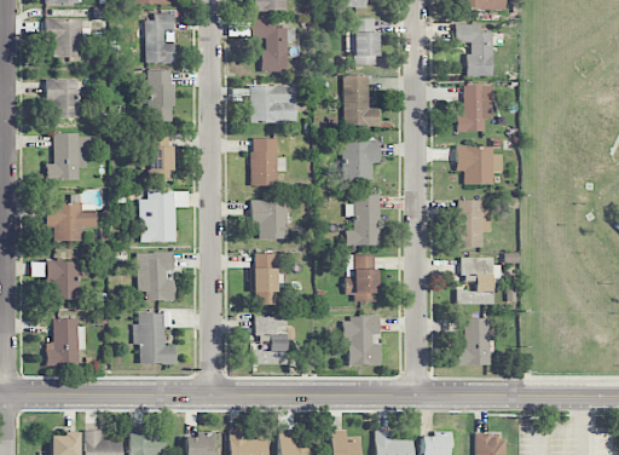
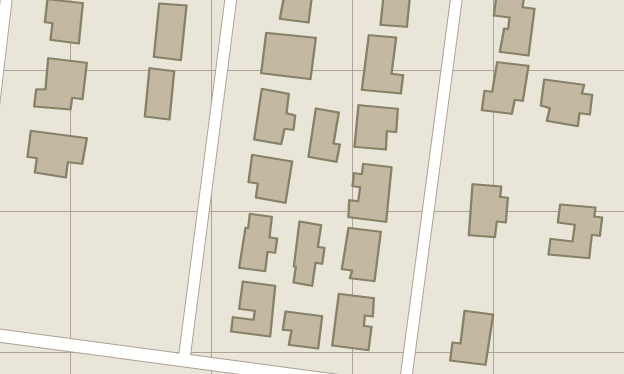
building: [457,145,503,184] -> [541,80,592,126]
building: none -> [309,108,340,162]
building: [140,190,175,241] -> none
building: [138,250,175,300] -> none
building: none -> [294,221,324,286]
building: [457,255,502,304] -> [549,204,602,258]
building: [46,259,77,298] -> none
building: [133,312,175,363] -> none
building: [46,317,85,365] -> none
building: none -> [283,312,322,349]

